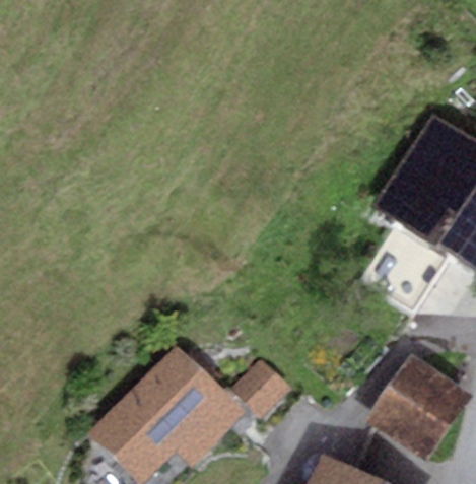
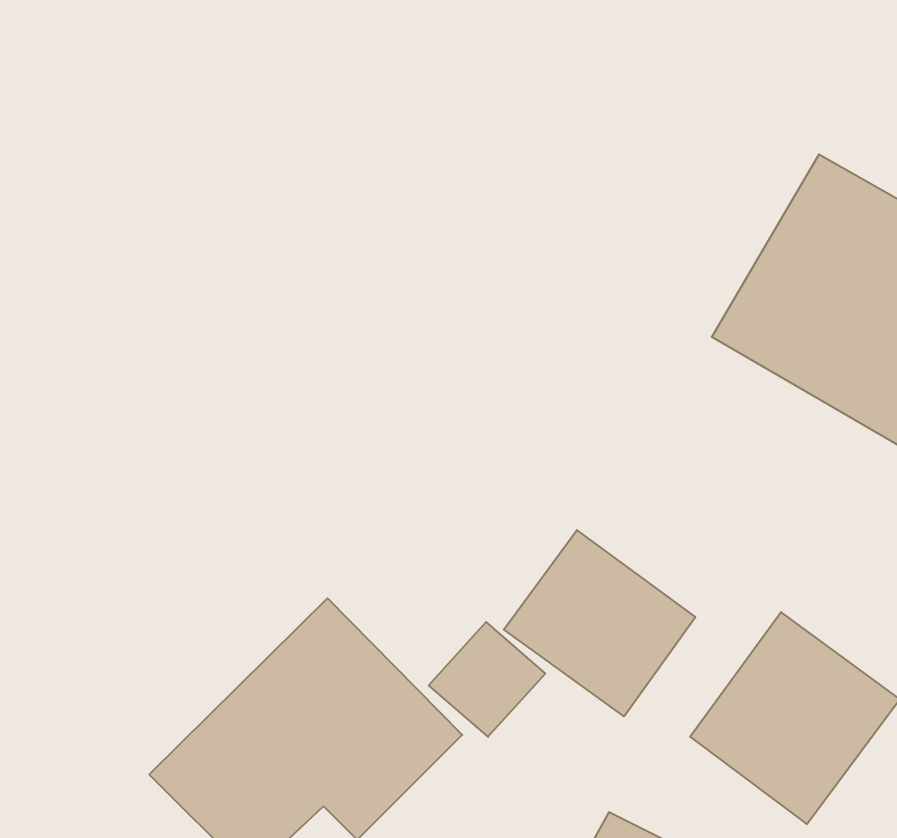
building: none -> [504,530,695,716]

